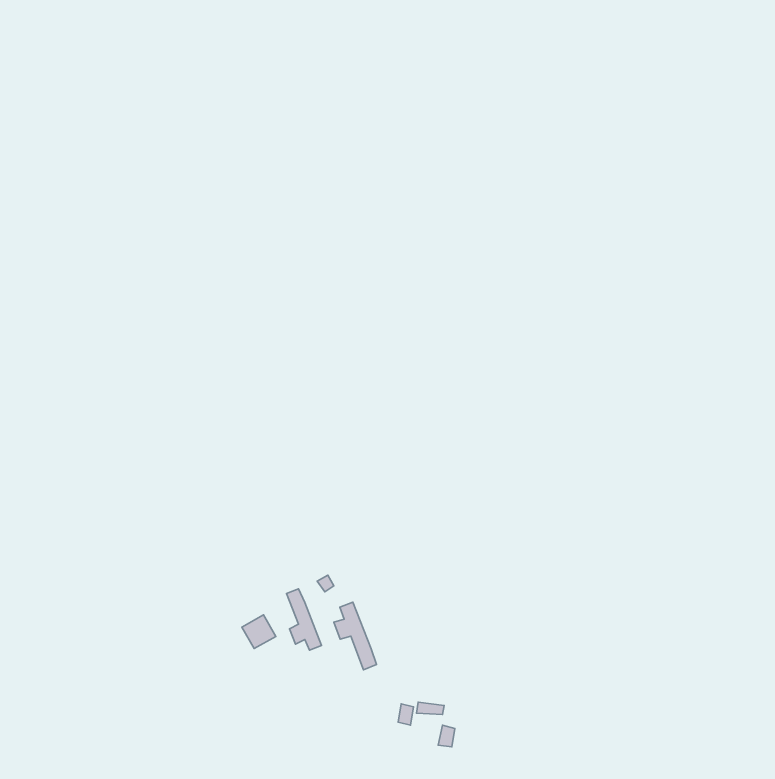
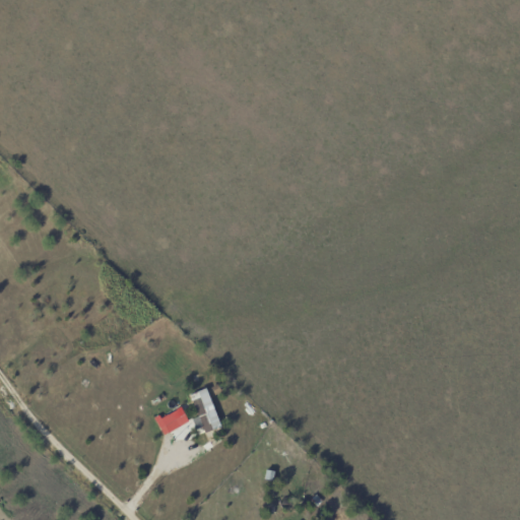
building: [334,602,376,670] -> none

